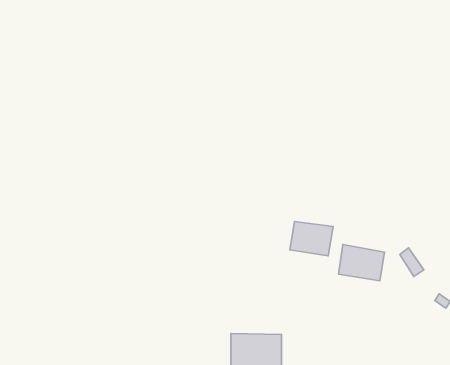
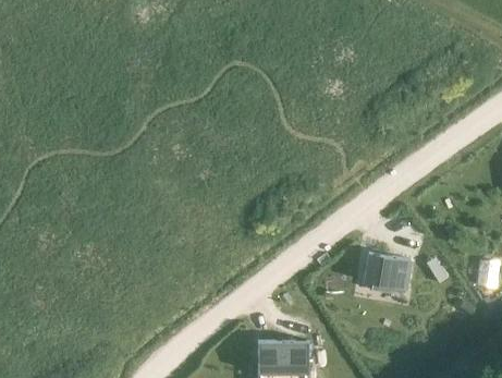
building: [290,221,333,256] -> none

